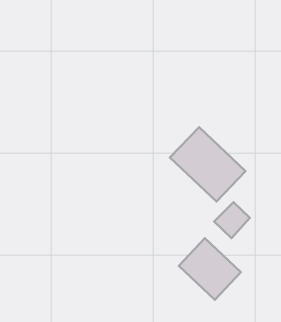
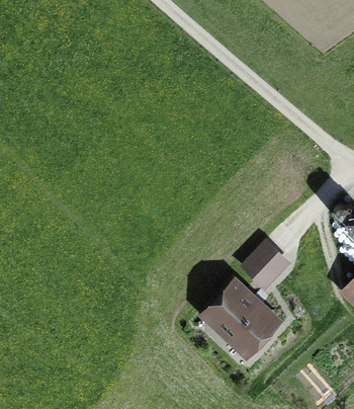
building: [170,127,246,202] -> none

